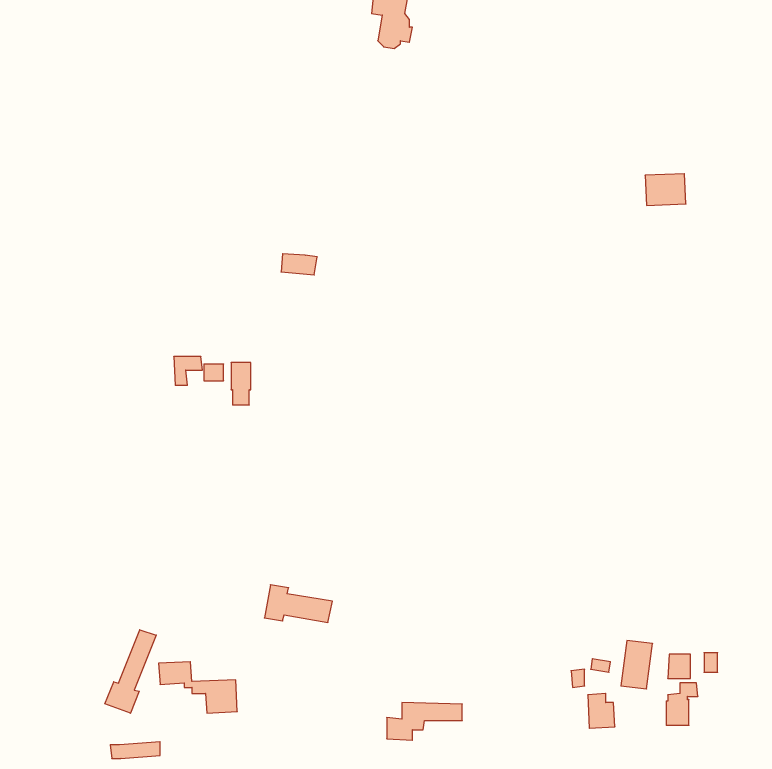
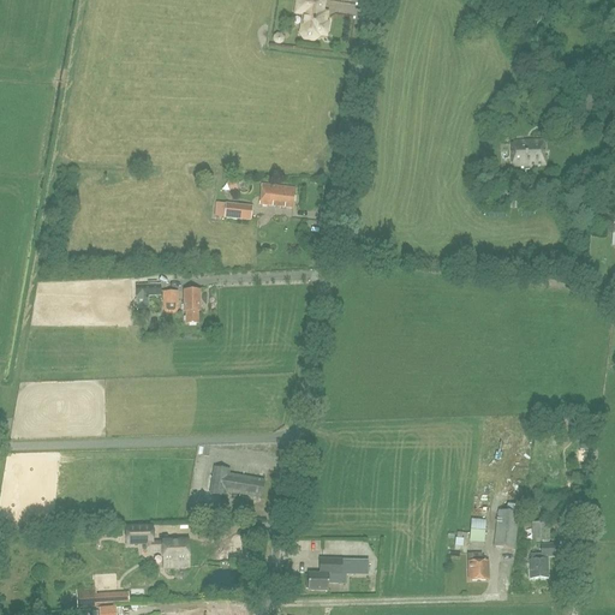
building: none -> [259,183,294,207]
building: [105,630,156,713] -> none

